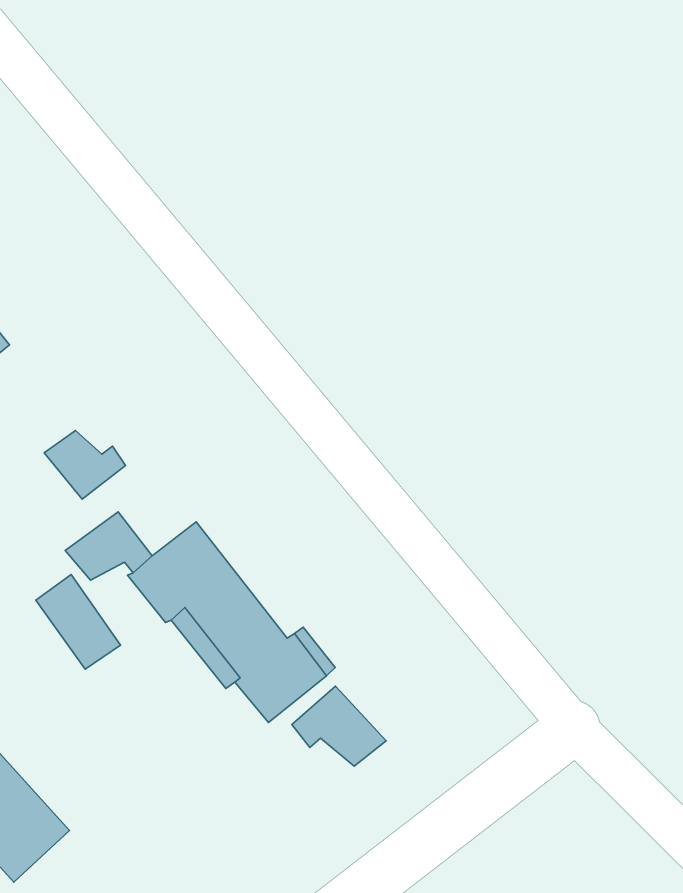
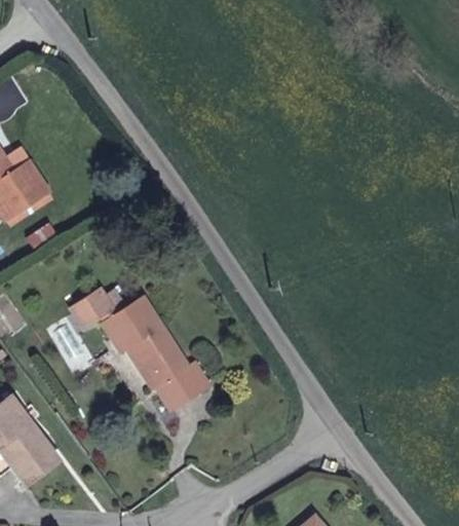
building: [44,431,126,499] -> none
building: [292,686,386,766] -> none

